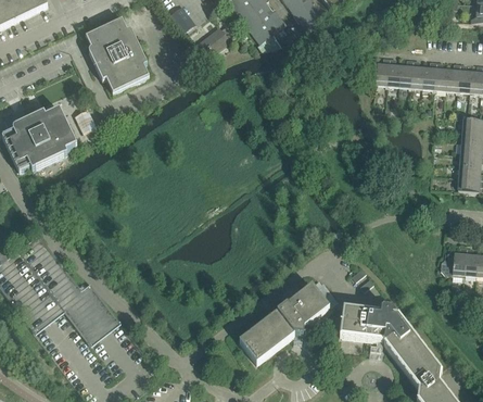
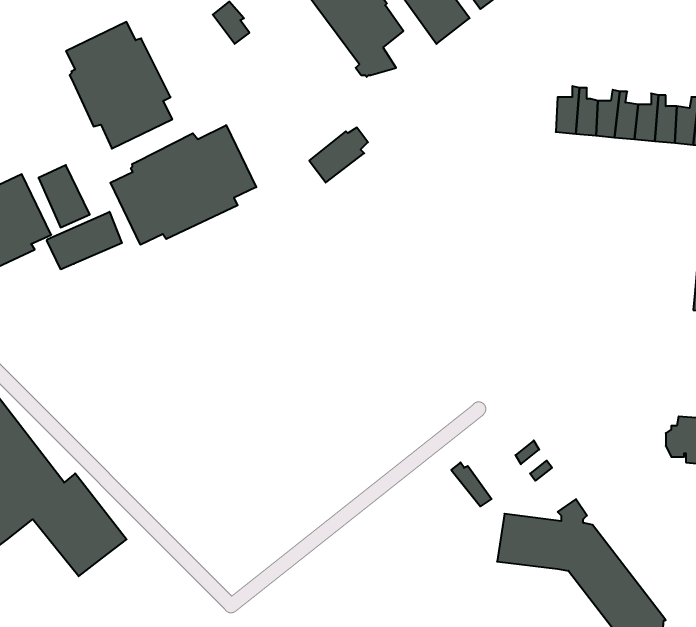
building: [198,23,232,55] -> [309,128,368,183]
building: none -> [110,125,256,245]
building: none -> [47,212,122,269]
building: [239,282,329,361] -> none

